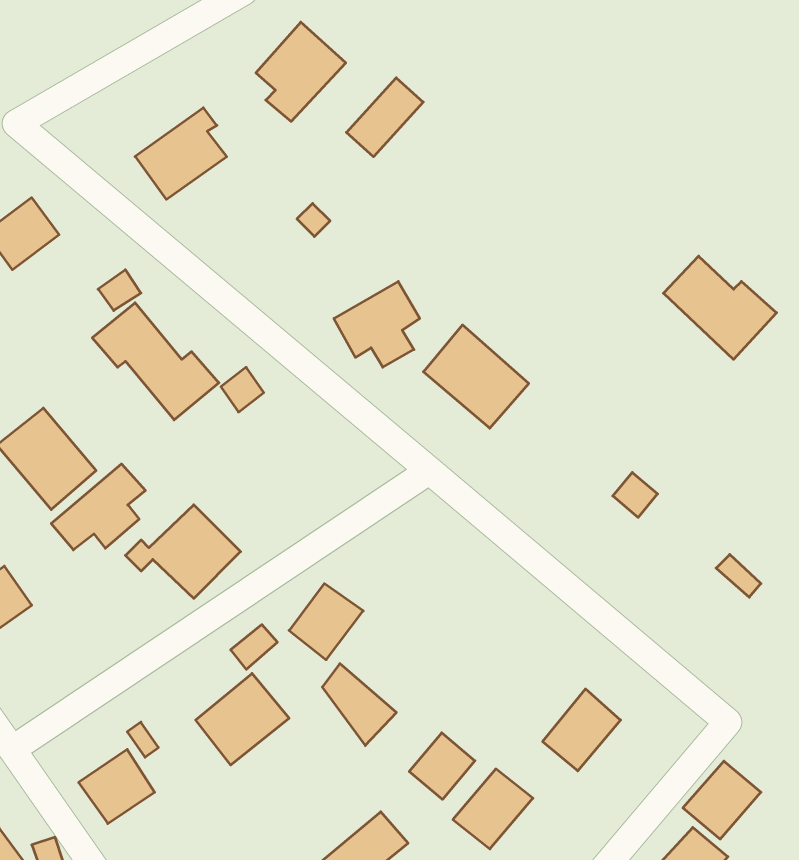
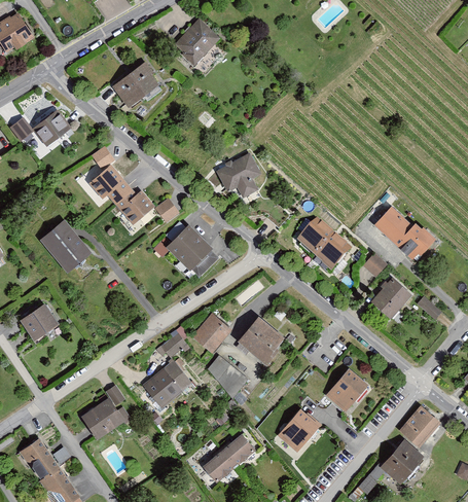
building: [346,78,423,157] -> none
building: [663,256,777,359] -> [374,206,434,260]
building: [423,325,529,428] -> [297,218,353,273]
building: [51,464,145,550] -> none
building: [125,505,241,598] -> [154,222,215,272]
building: none -> [370,278,412,320]
building: none -> [239,316,283,360]
building: [409,733,475,799] -> none

